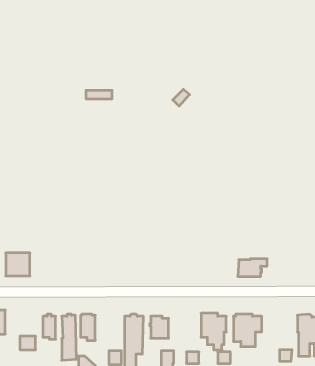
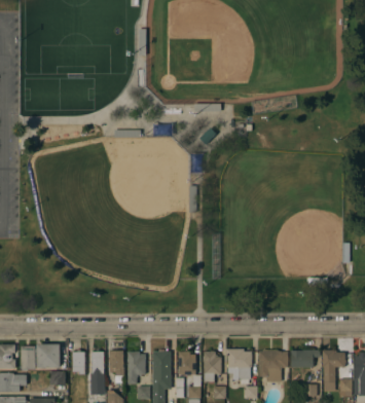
building: [6,253,30,276] -> [36,344,60,367]
building: [238,259,267,276] -> [290,350,319,367]
building: none -> [126,352,145,383]
building: none -> [202,352,221,381]

